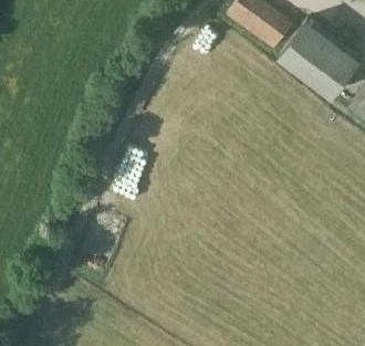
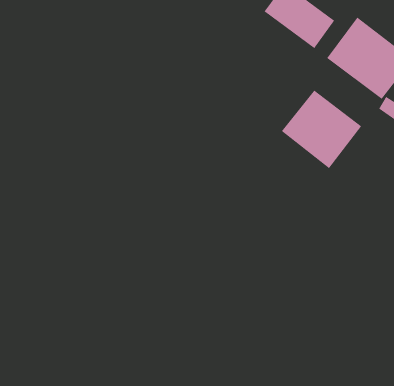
building: none -> [281,90,362,169]

